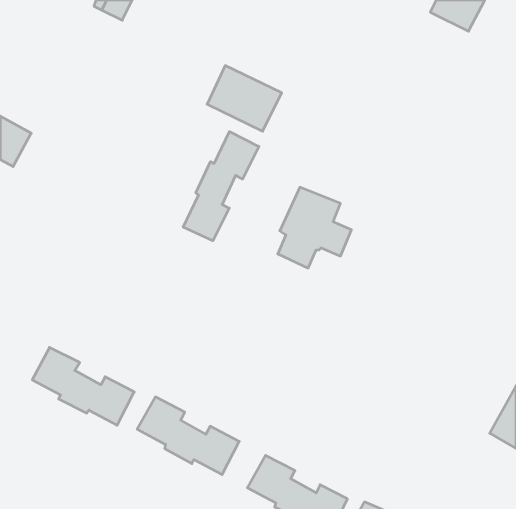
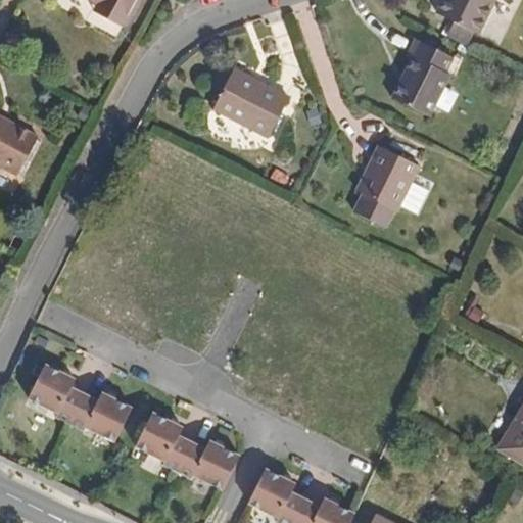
building: none -> [391,45,448,122]
building: [183,132,259,241] -> none
building: [278,187,351,268] -> [351,147,426,229]

